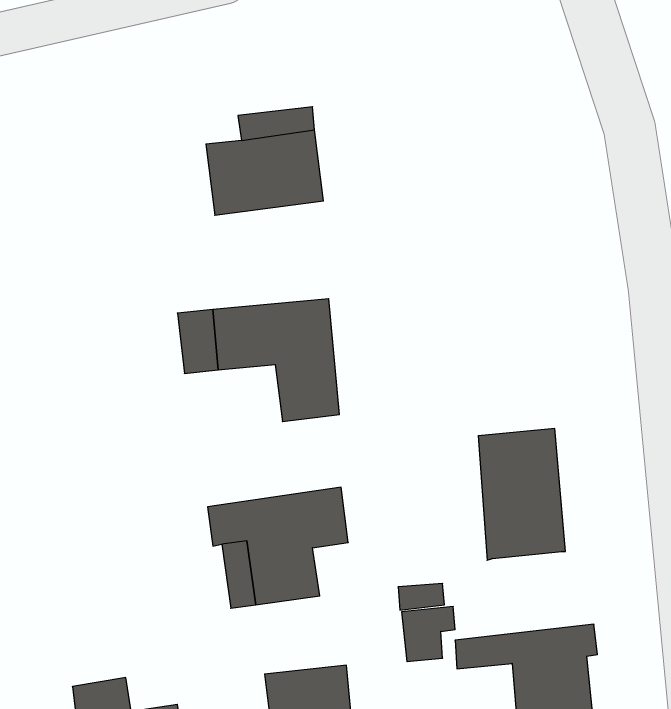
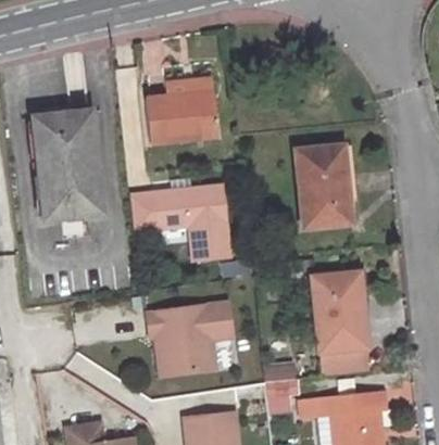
building: none -> [33,111,100,218]
building: none -> [297,145,352,229]
building: none -> [322,344,366,373]

